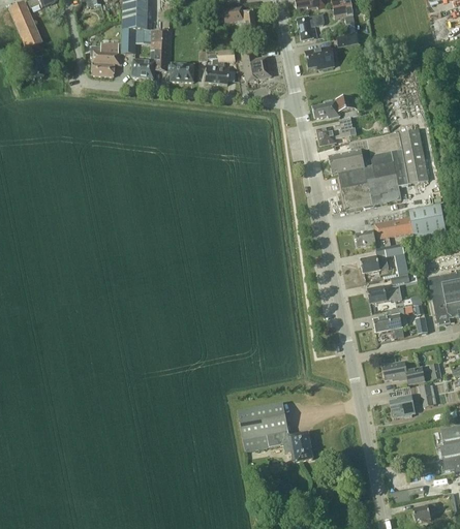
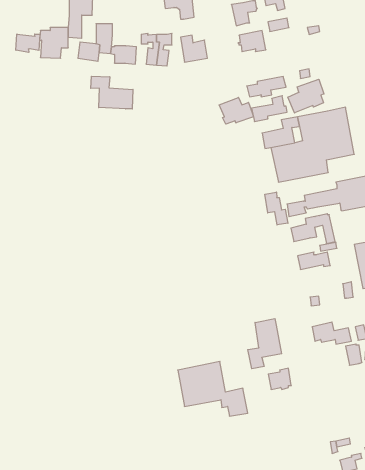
building: none -> [16,34,40,52]
building: none -> [91,76,133,109]
building: none -> [288,79,324,113]
building: none -> [219,97,253,124]
building: none -> [265,192,288,225]
building: [373,307,405,338] -> none
building: none -> [248,319,282,369]
building: [390,395,415,417] -> [268,368,291,389]

